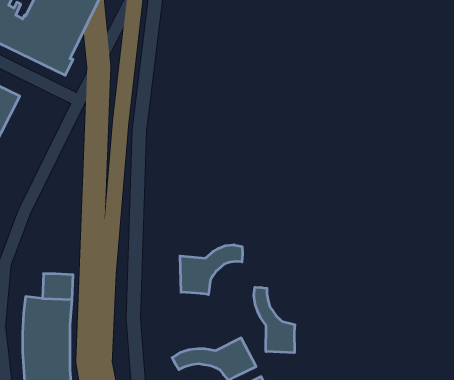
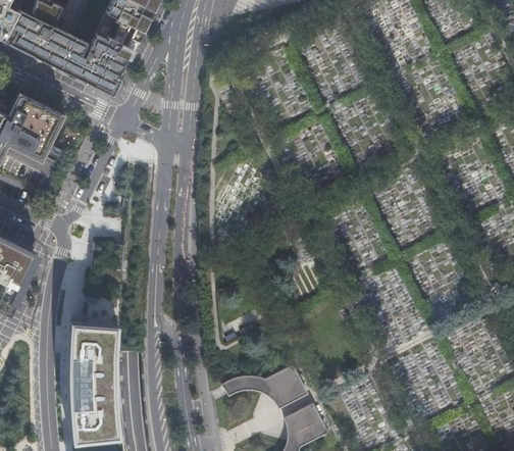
building: [180,245,242,295] -> none
building: [254,287,295,353] -> none

